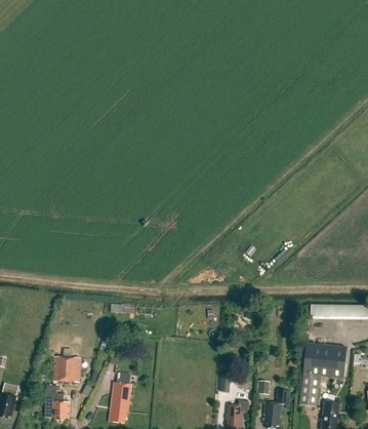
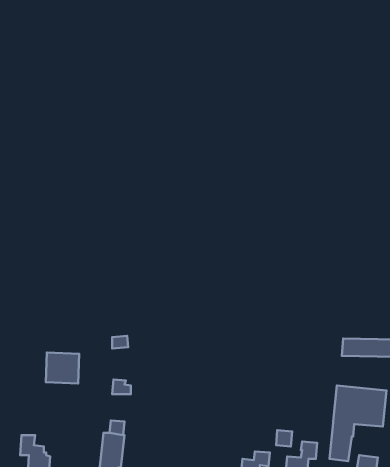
building: [52,356,80,382] -> [46,353,79,384]

